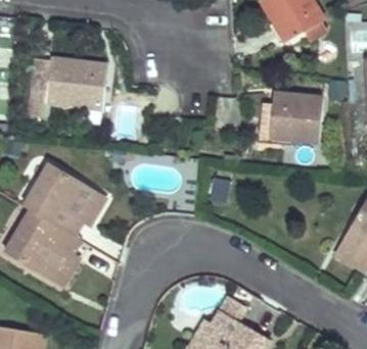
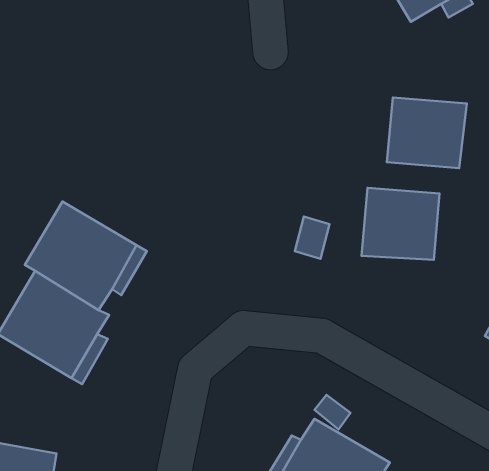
building: [28,57,105,117] -> none
building: none -> [362,188,440,260]

